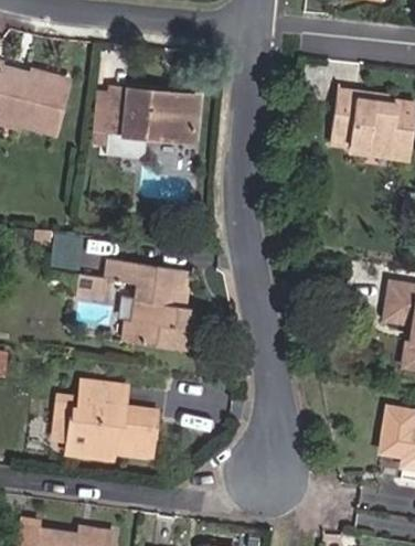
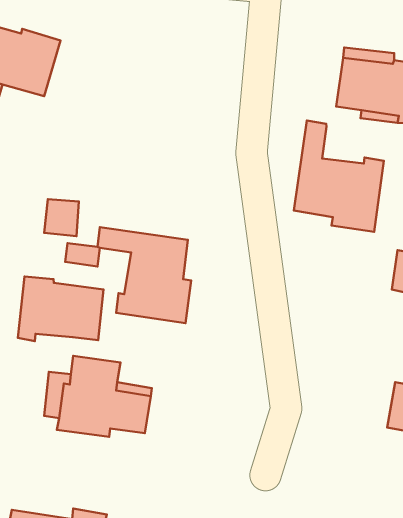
building: [104,88,195,152] -> none
building: none -> [294,121,384,232]
building: none -> [18,277,104,341]

